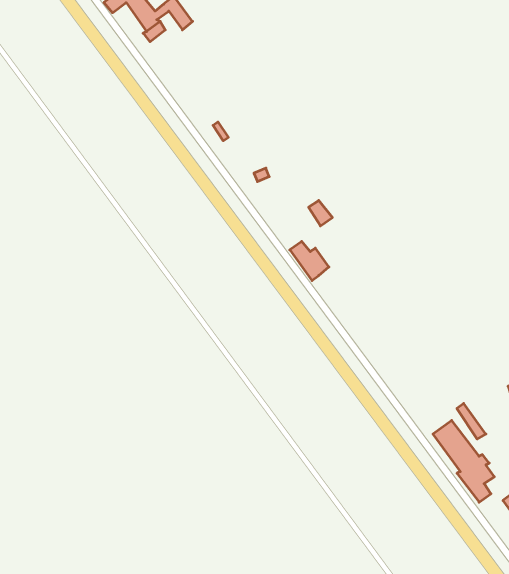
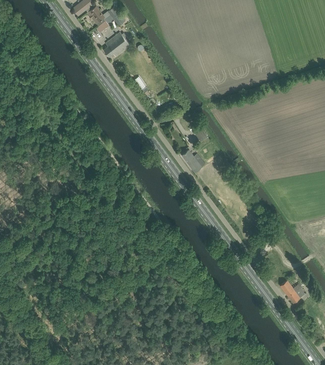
building: none -> [103,34,130,58]

